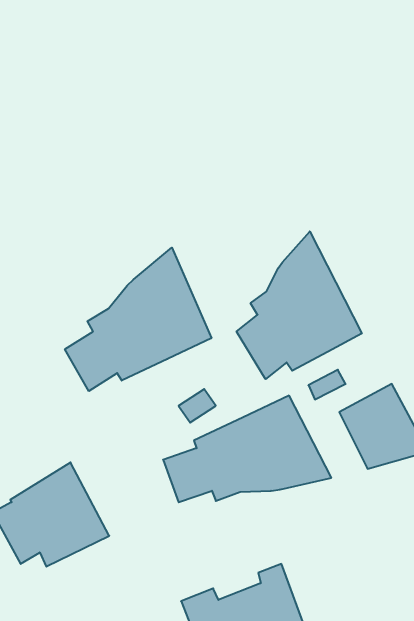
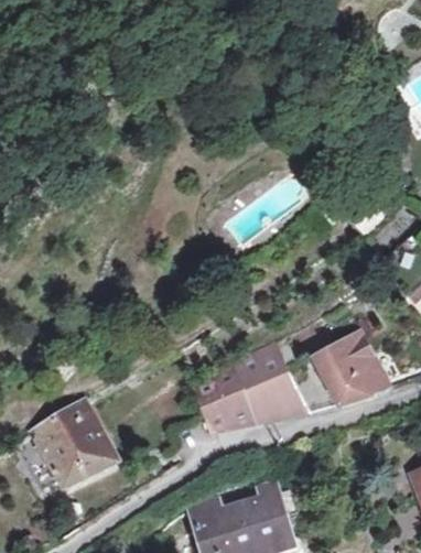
building: [237,231,362,379] -> none
building: [65,248,211,391] -> none

